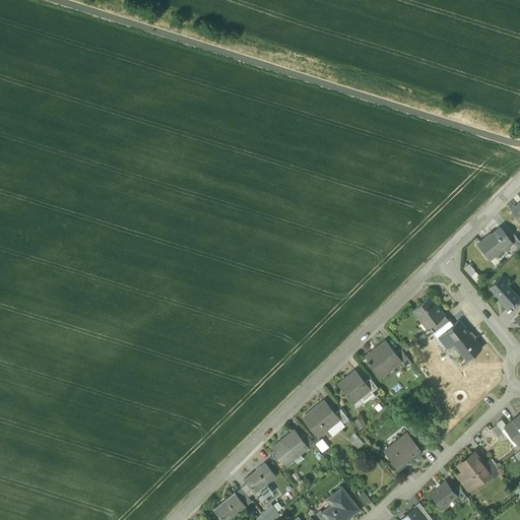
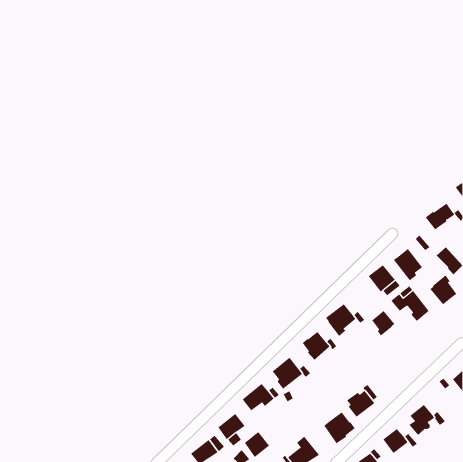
building: none -> [394,248,423,281]
building: none -> [430,275,457,305]
building: none -> [371,310,395,337]
building: none -> [323,411,355,444]
building: none -> [244,431,270,458]

